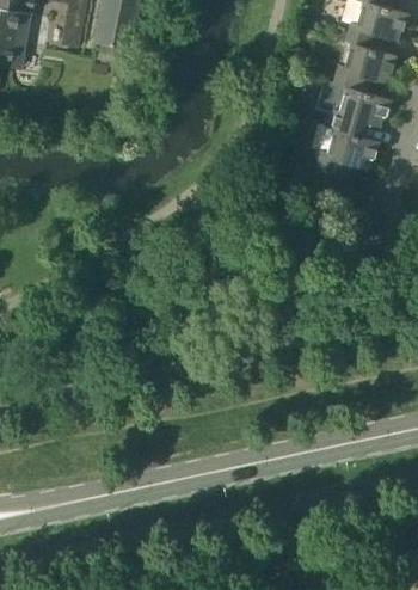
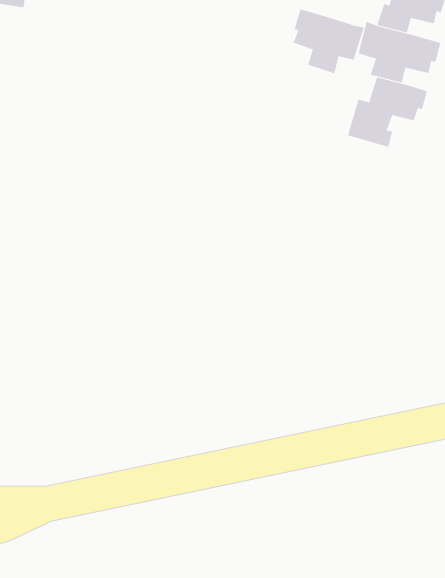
building: none -> [293,9,364,74]

